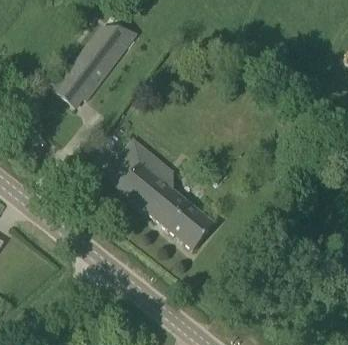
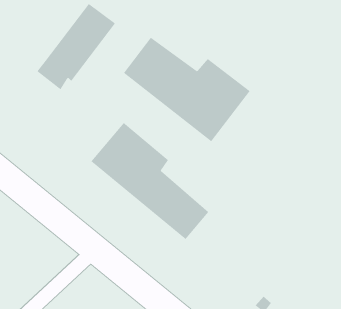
building: none -> [123,37,251,142]

